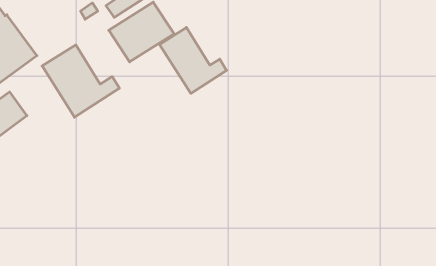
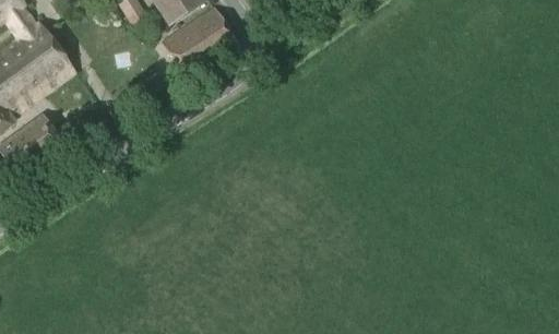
building: [160,27,227,93] -> none
building: [42,45,119,117] -> none

